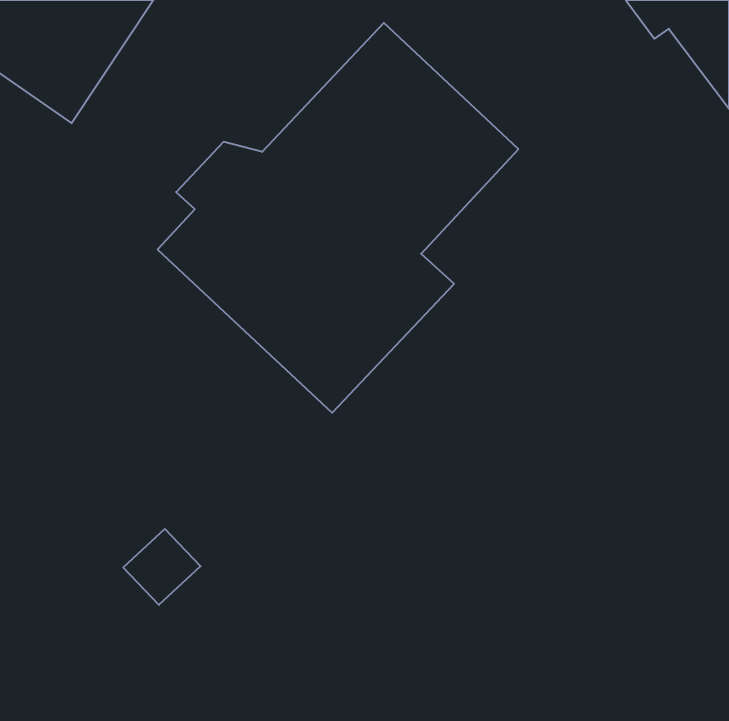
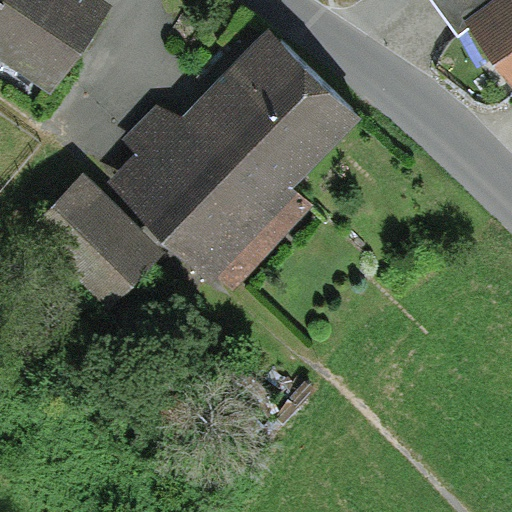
building: none -> [27,171,162,306]

